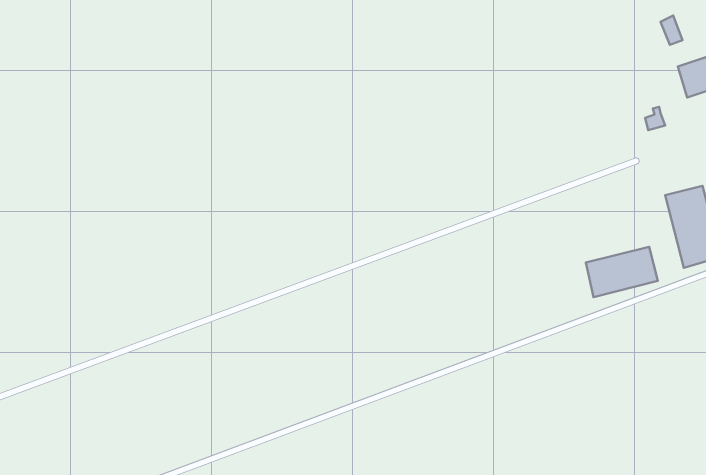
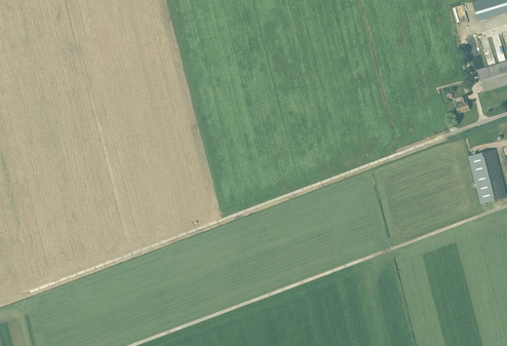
building: [586,247,658,297] -> none

